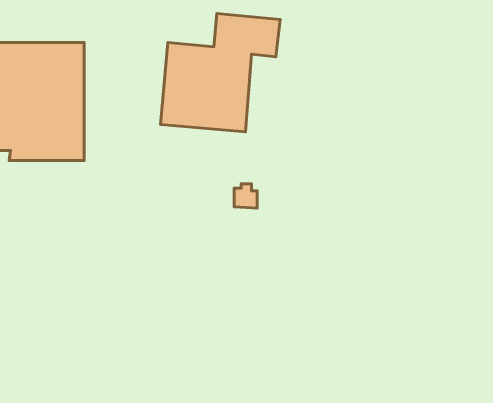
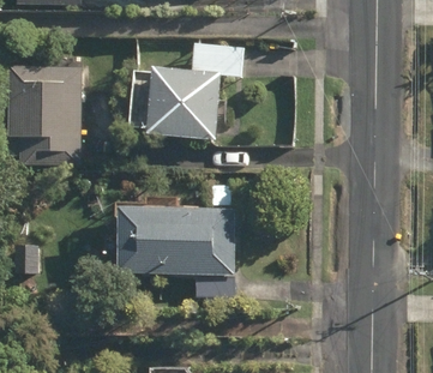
building: none -> [115,206,236,291]

